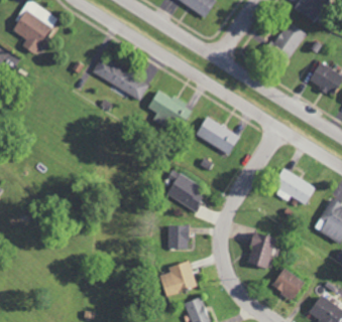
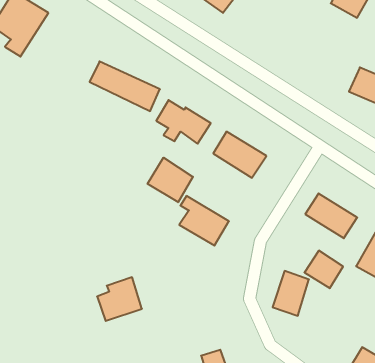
building: [270,22,306,60] -> none
building: none -> [148,158,193,202]
building: [168,224,189,249] -> none
building: [160,260,198,296] -> [97,277,142,321]
building: [271,268,304,299] -> [304,251,343,288]

